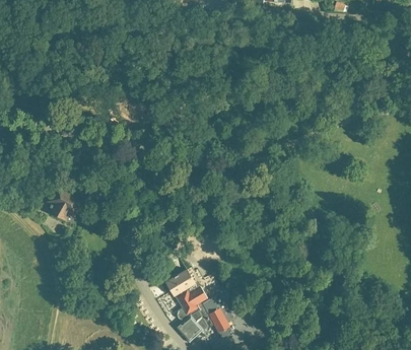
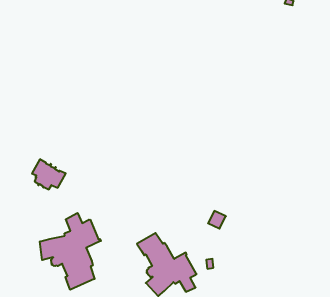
building: none -> [40,213,101,290]

